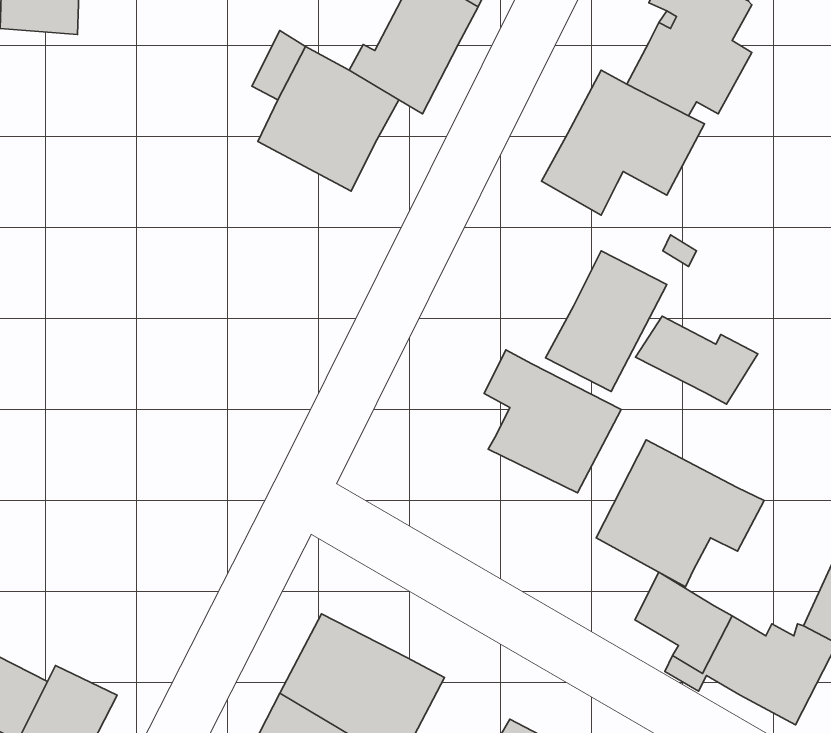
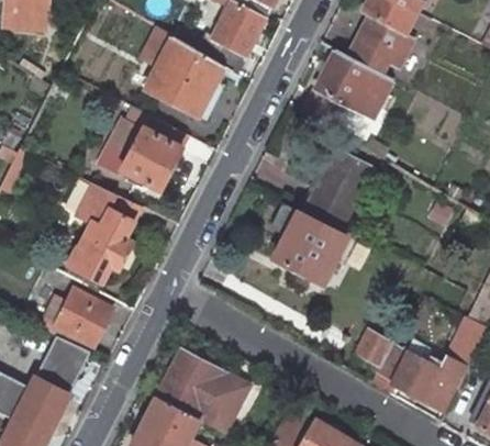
building: none -> [108,109,188,189]
building: none -> [67,183,142,282]
building: [636,316,758,404] -> none
building: [596,440,764,587] -> none
building: none -> [55,290,112,346]
building: none -> [34,335,90,395]

